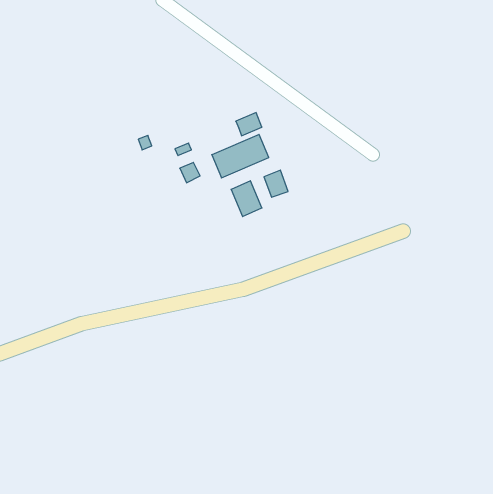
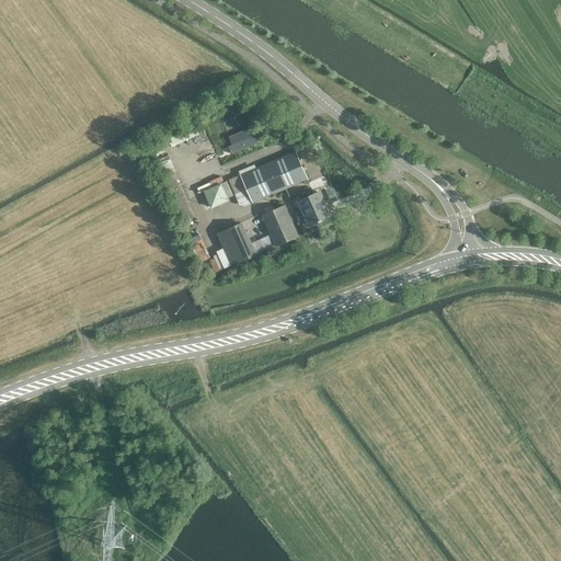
building: [236,113,262,136] -> [228,127,257,153]
building: none -> [217,224,252,264]

